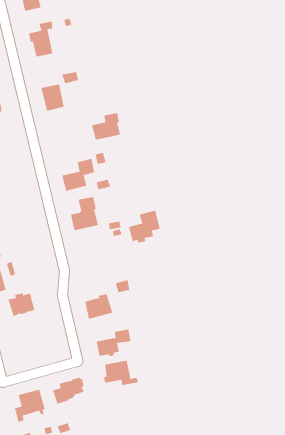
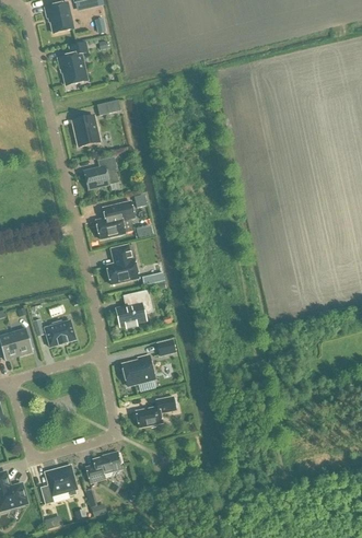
building: [91,113,121,140] -> [83,156,117,188]
building: [128,210,161,243] -> [115,289,152,327]
building: [8,293,35,317] -> [43,319,74,347]
building: [103,360,139,386] -> none

